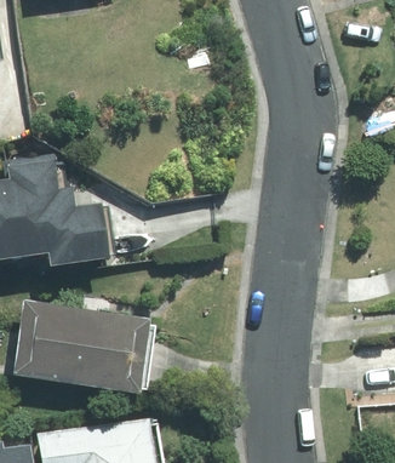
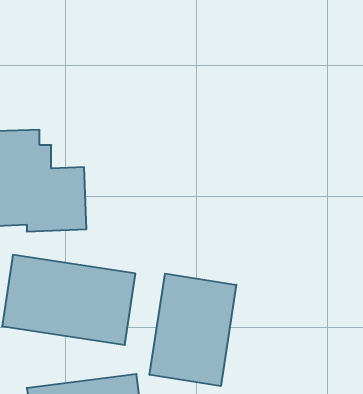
building: none -> [150,274,236,386]

